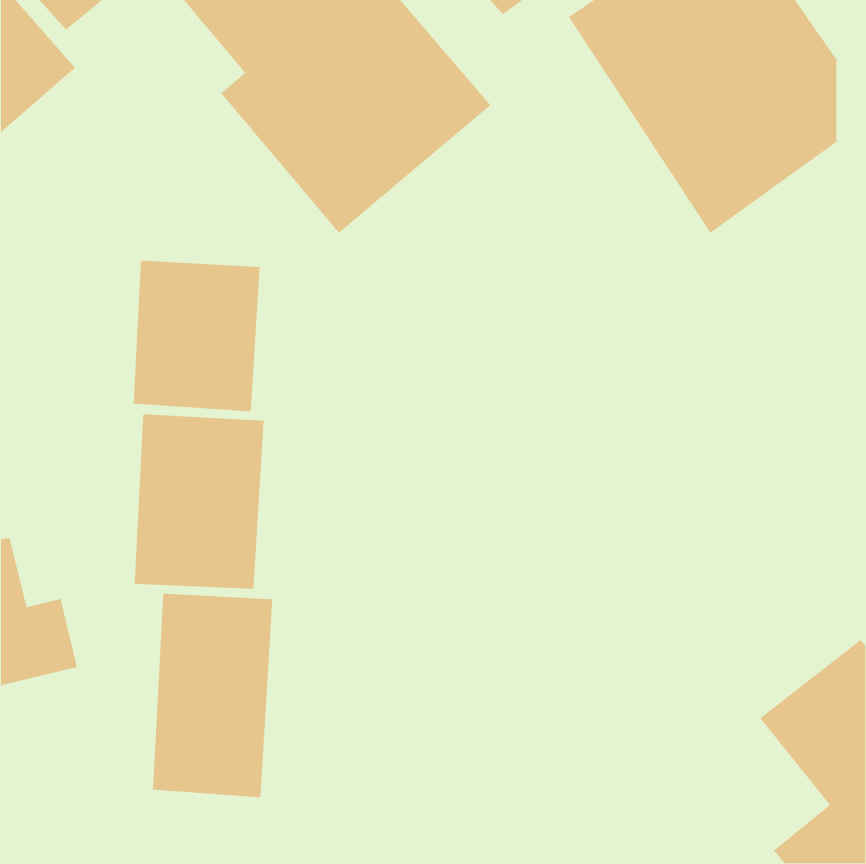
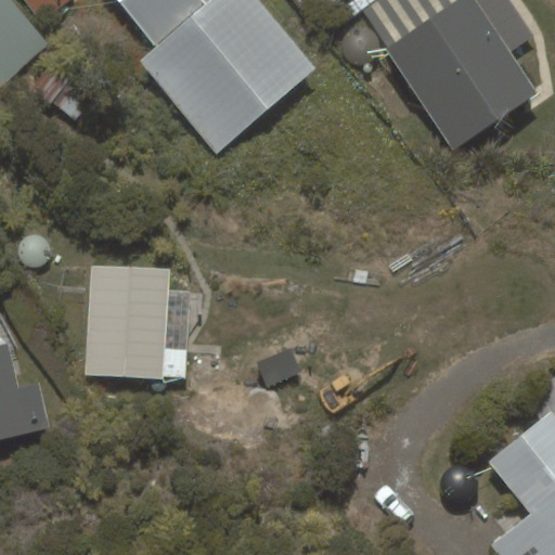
building: [133,260,261,412] -> none
building: [152,593,273,798] -> none

